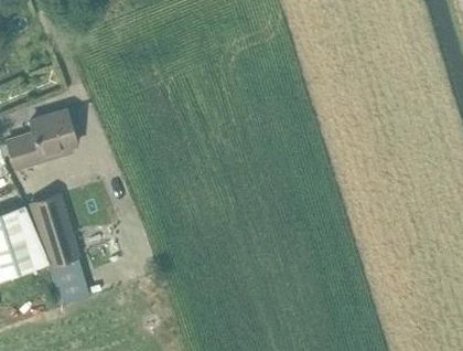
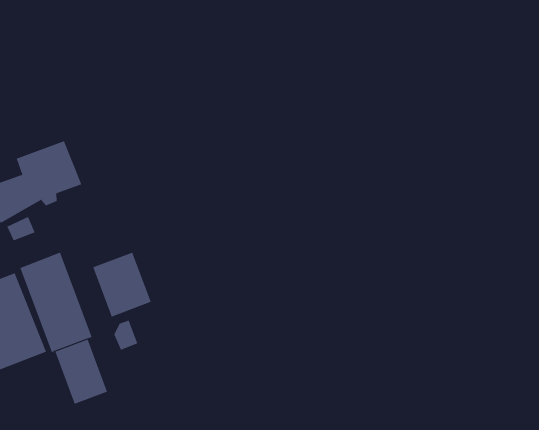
building: none -> [92,252,151,317]

